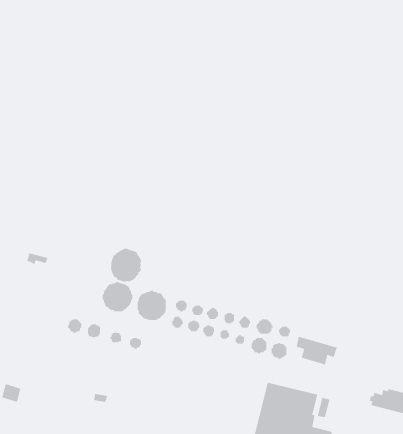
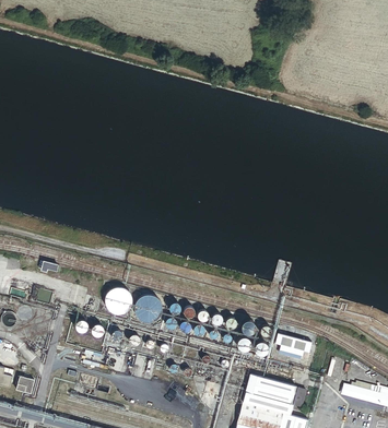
building: [110,248,142,282] -> none

